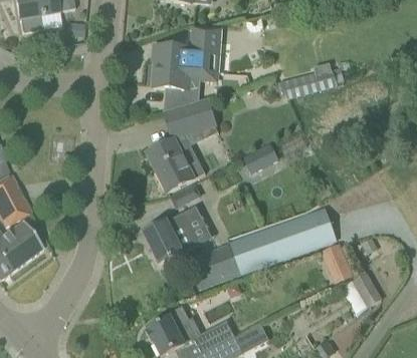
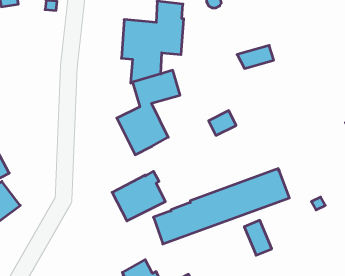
building: [322,244,352,282] -> [244,220,272,255]
building: [352,273,381,307] -> none

